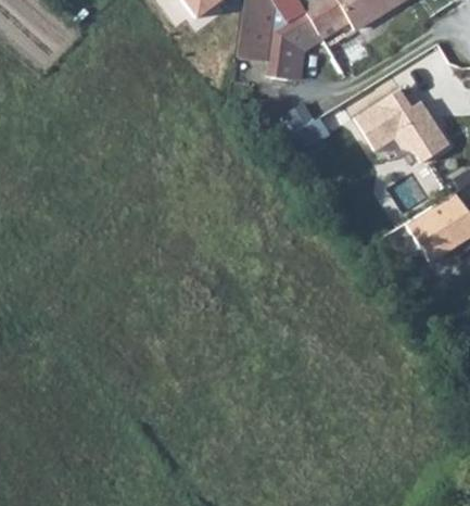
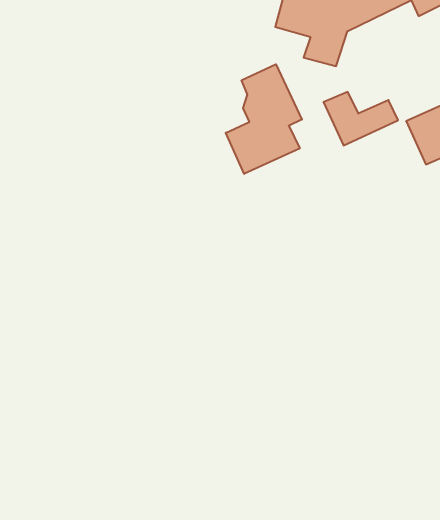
building: none -> [226,64,302,174]

